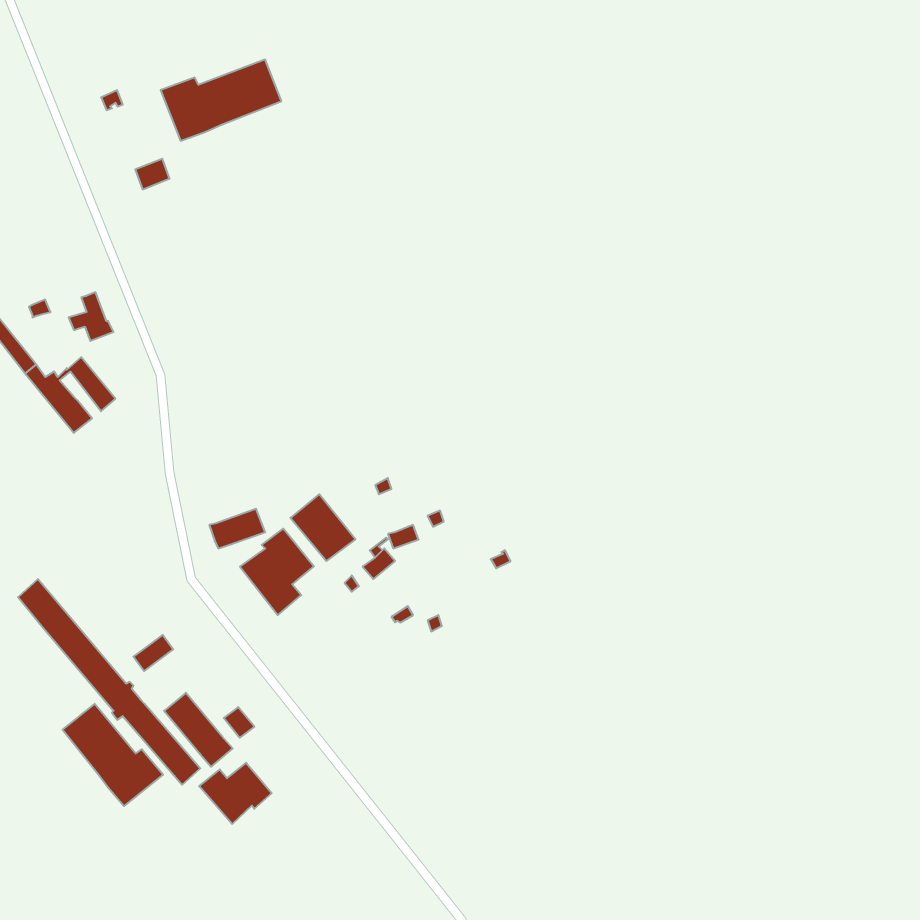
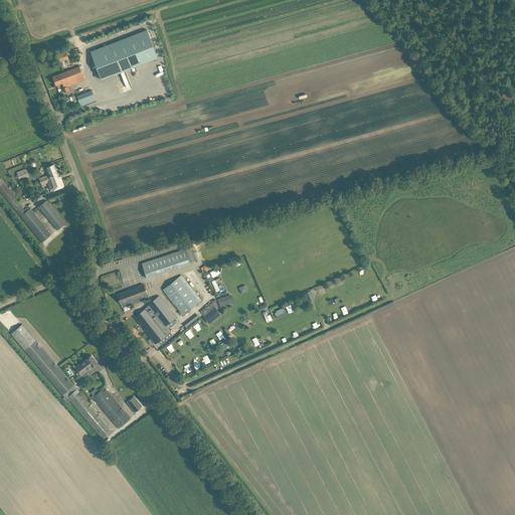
building: none -> [52,65,83,92]
building: none -> [141,247,189,277]
building: [63,704,163,806] -> none
building: [199,763,272,824] -> none

